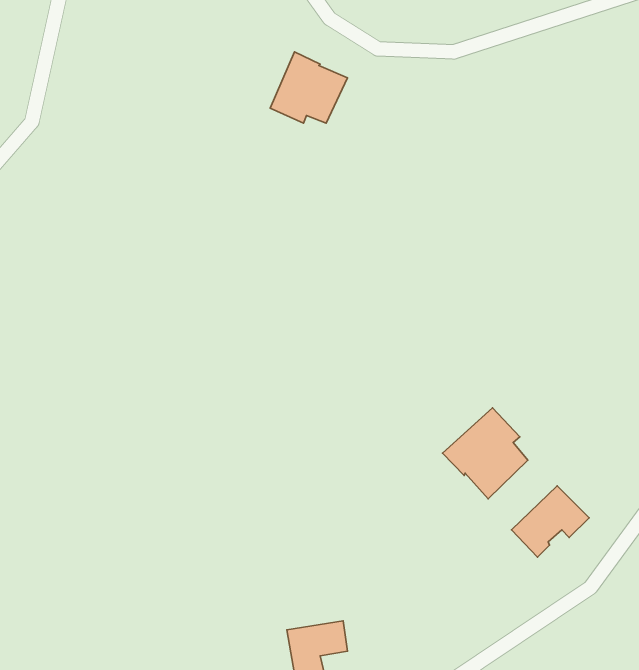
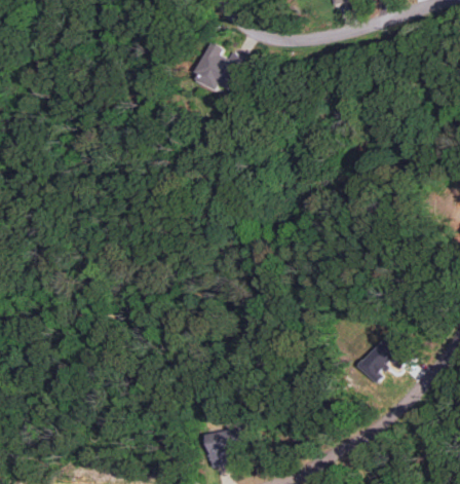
building: [443,408,528,499] -> none

